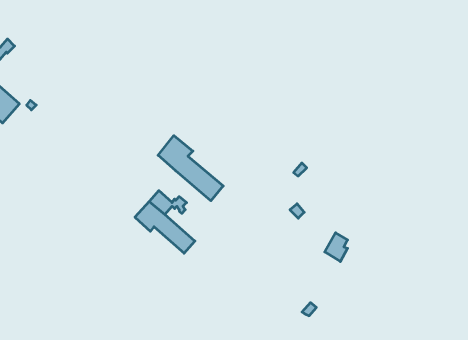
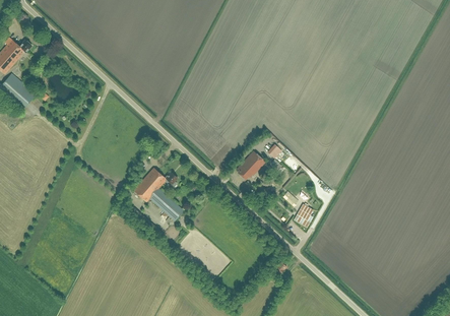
building: [158,136,223,201] -> none
building: none -> [237,151,265,180]

